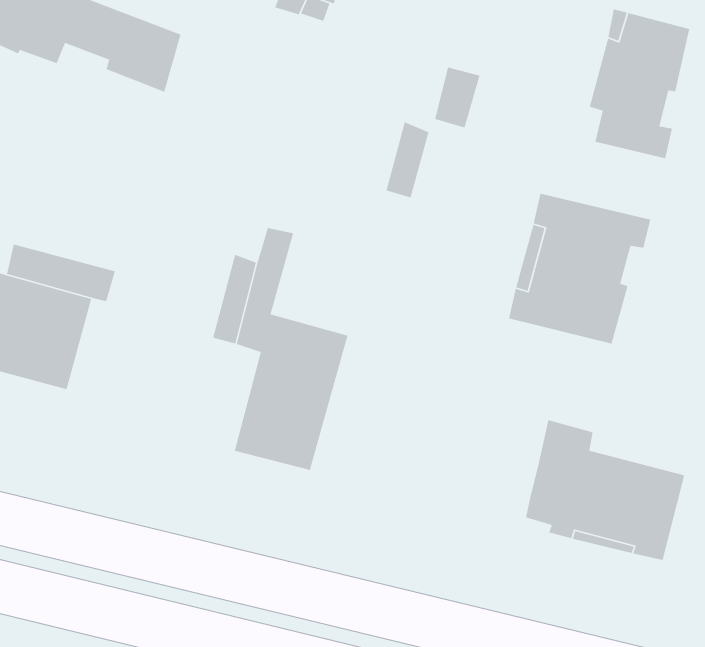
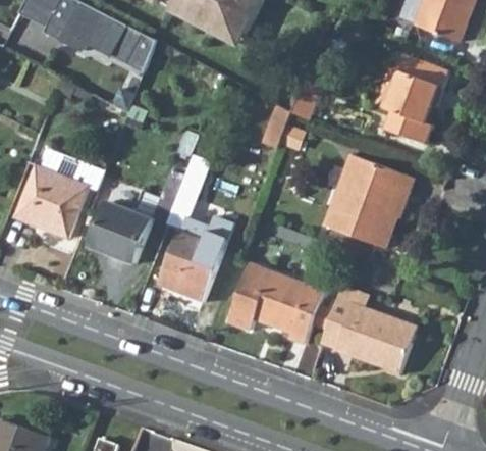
building: none -> [90,201,151,264]
building: none -> [227,265,331,344]

